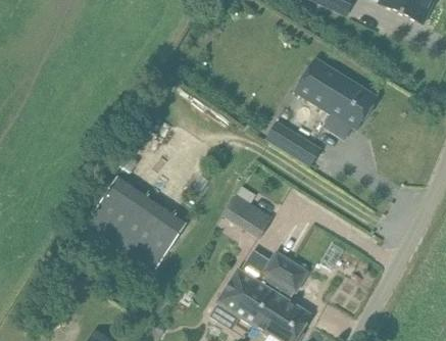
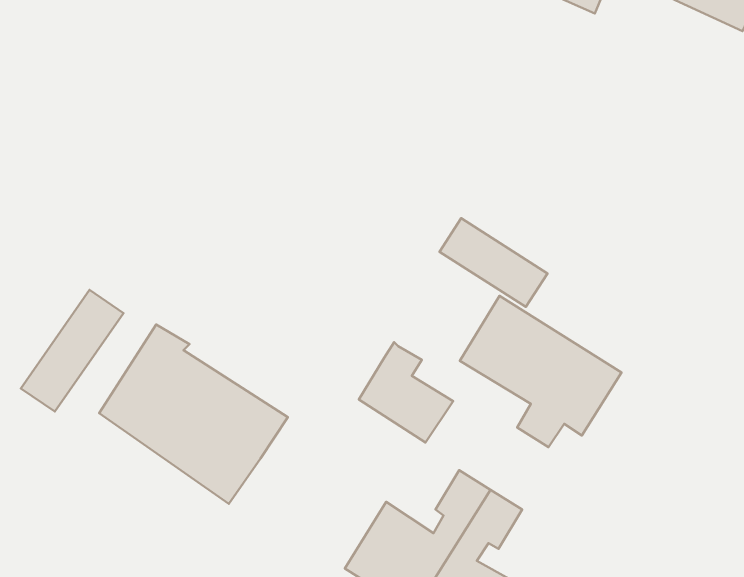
building: [293,57,377,136] -> [460,296,621,447]
building: none -> [21,290,123,412]

